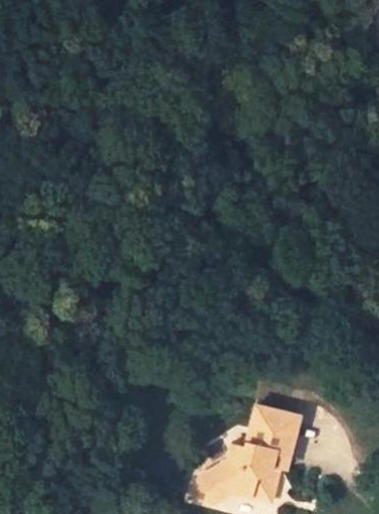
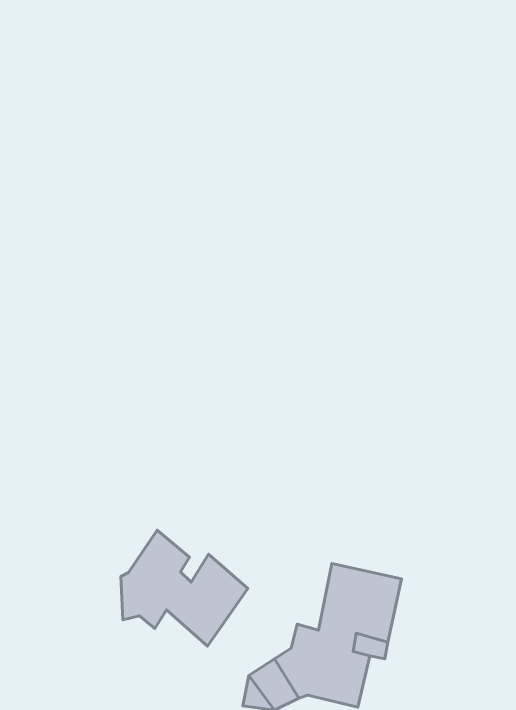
building: none -> [121,530,248,646]

